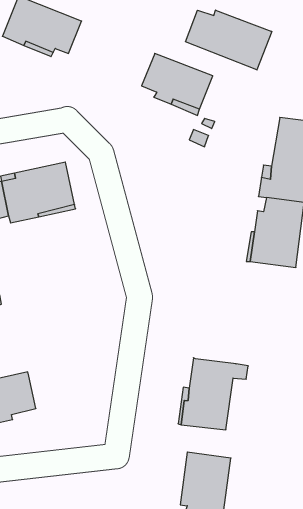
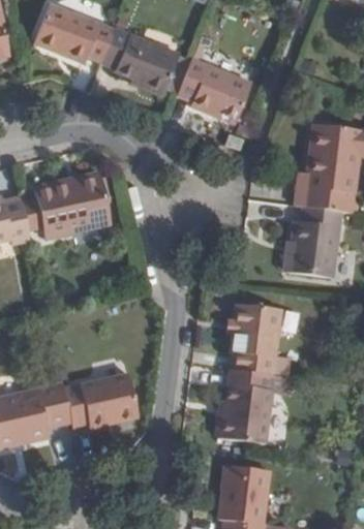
building: [185,10,272,70] -> none
building: none -> [103,27,181,95]
building: none -> [230,302,282,376]
building: none -> [63,375,135,429]

